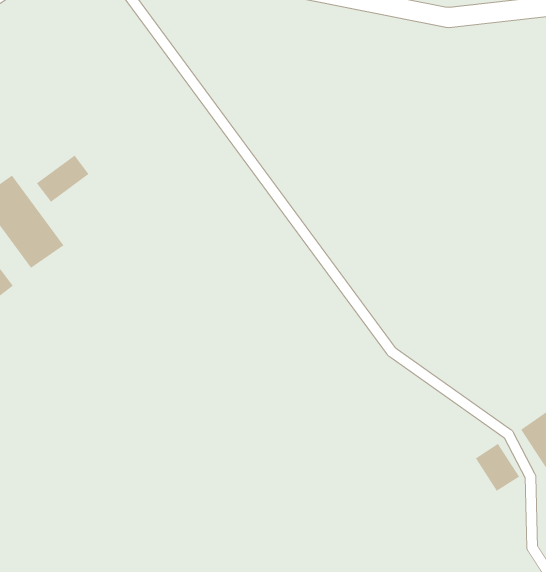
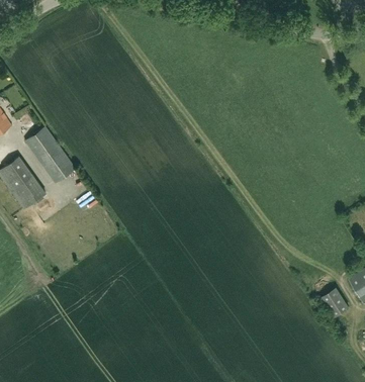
building: [36,154,90,203] -> none

